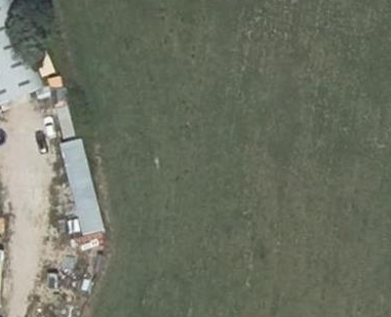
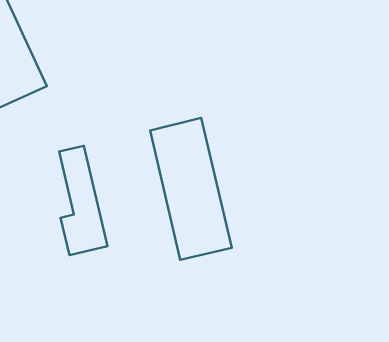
building: none -> [150,118,232,260]

